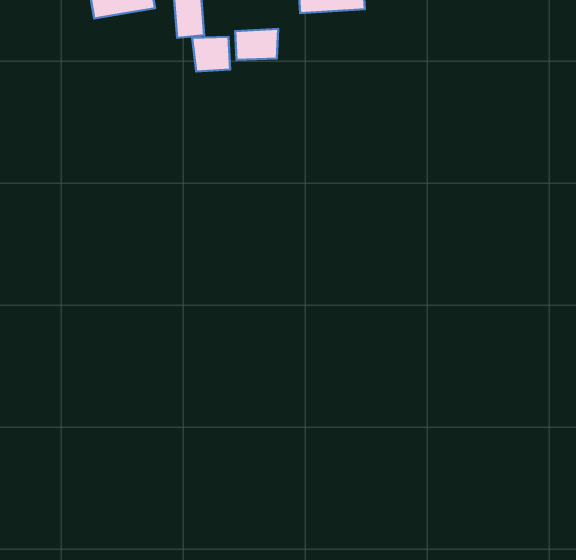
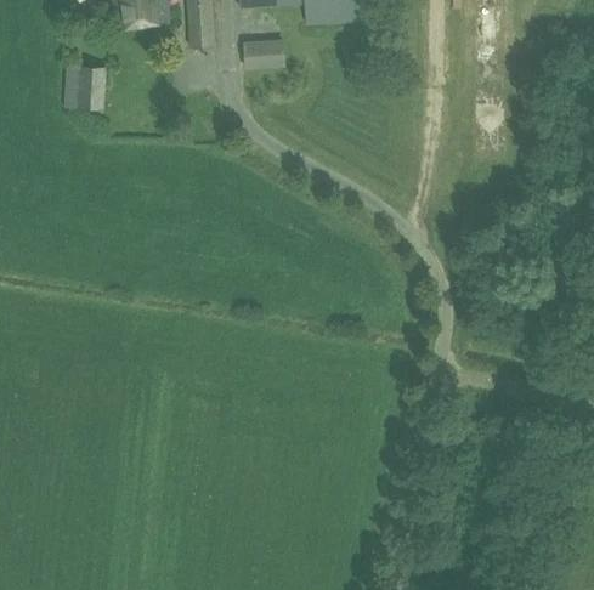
building: [192,37,230,72] -> none
building: none -> [63,64,106,108]

